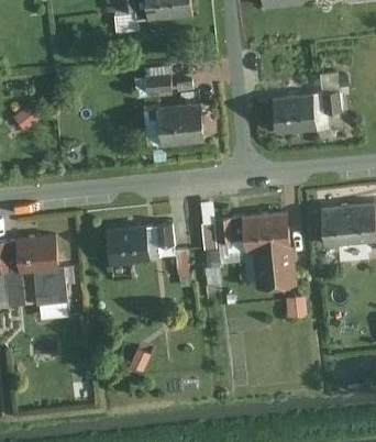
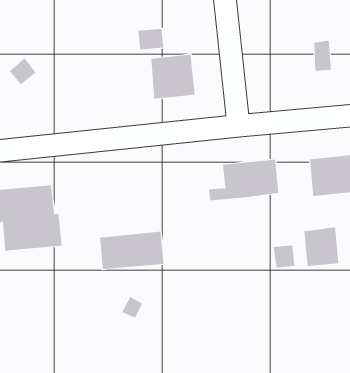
building: [269,93,316,135] -> none
building: [107,223,174,263] -> [99,231,165,270]
building: [256,244,292,285] -> [304,227,339,267]

